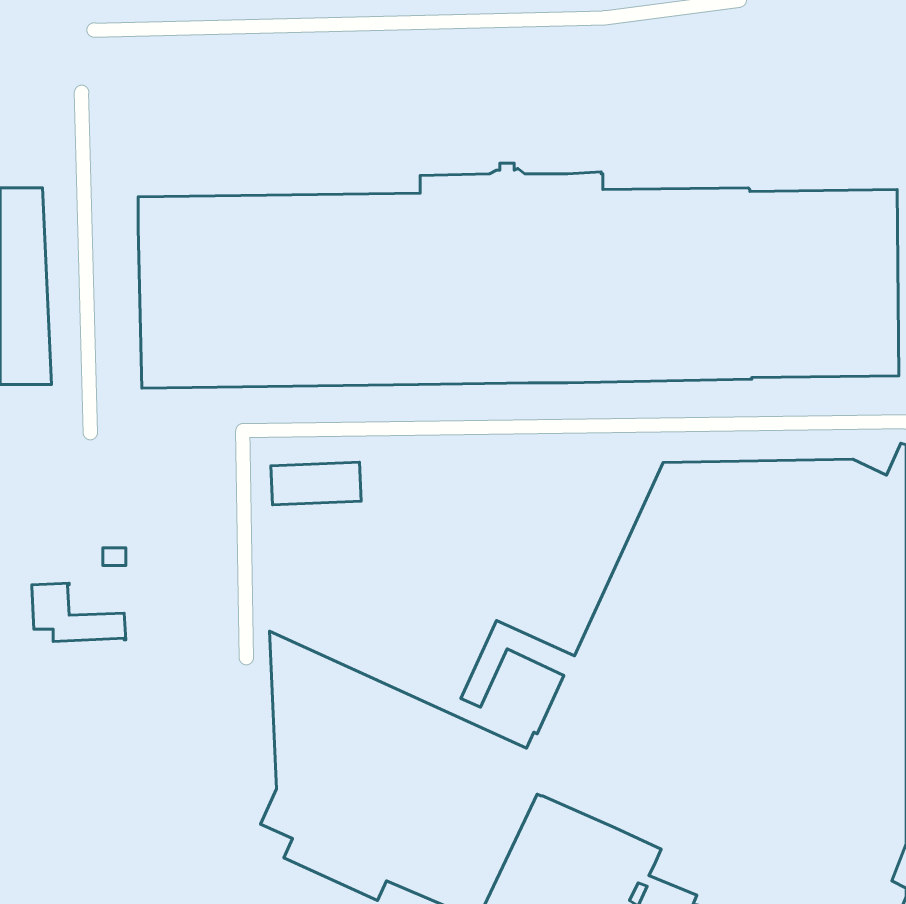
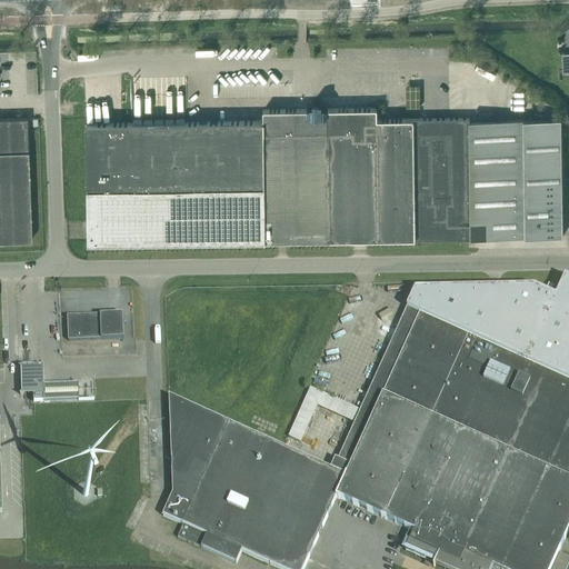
building: [271,462,361,505] -> [68,316,124,342]

